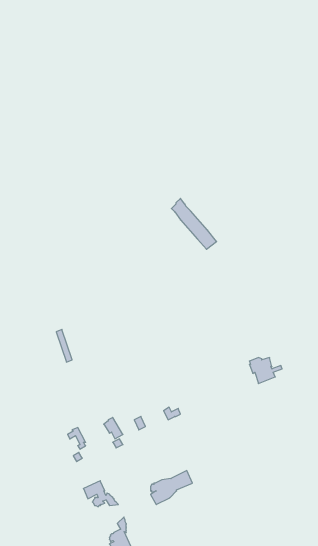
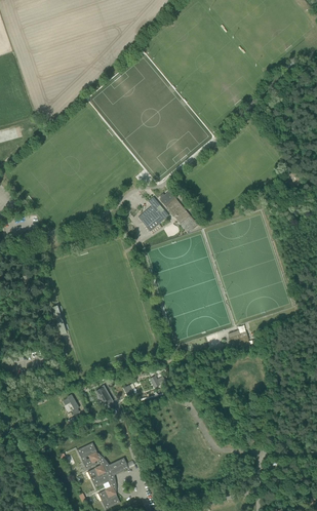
building: none -> [137,196,169,227]
building: [151,471,192,505] -> [90,457,128,487]

